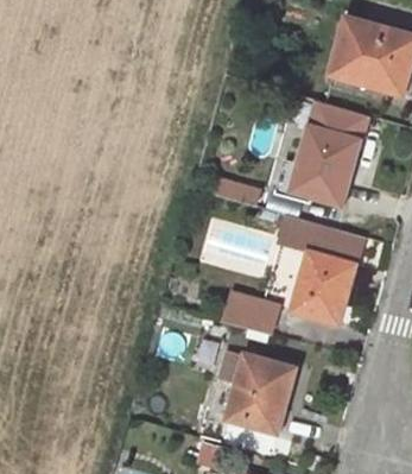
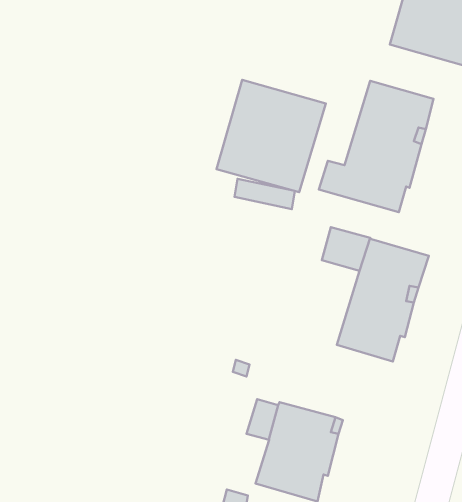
building: none -> [217,80,326,192]
building: [223,293,278,333] -> none

